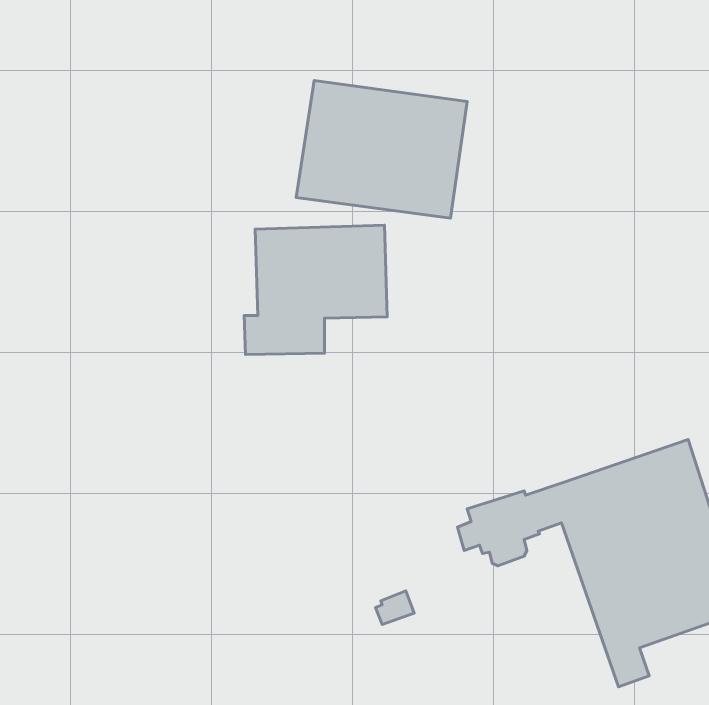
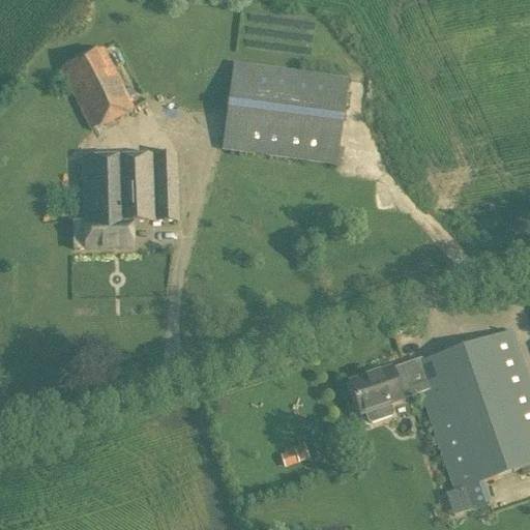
building: none -> [59,45,136,127]
building: [244,225,387,354] -> [72,151,179,247]

